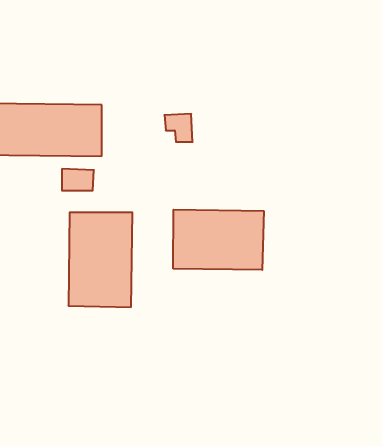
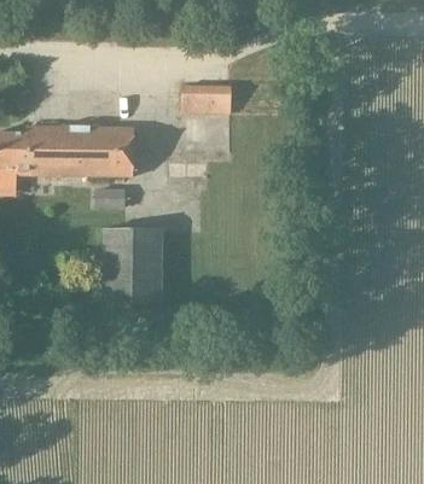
building: none -> [180,83,231,113]
building: [173,210,264,270] -> none

